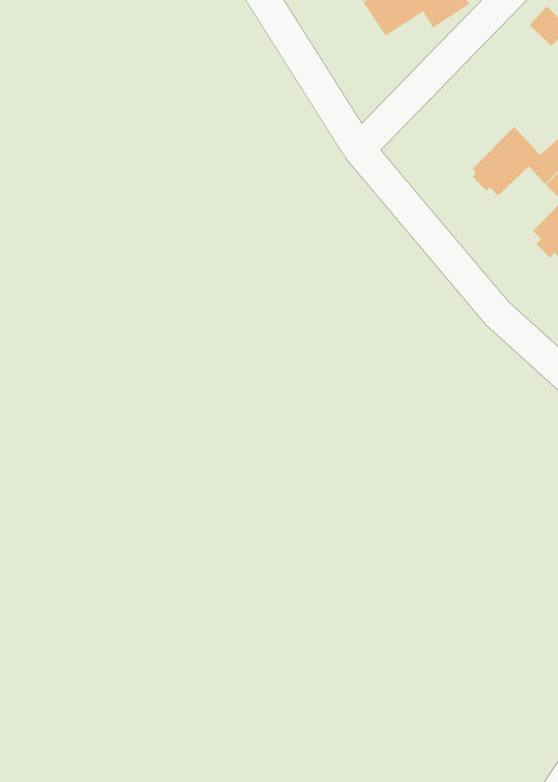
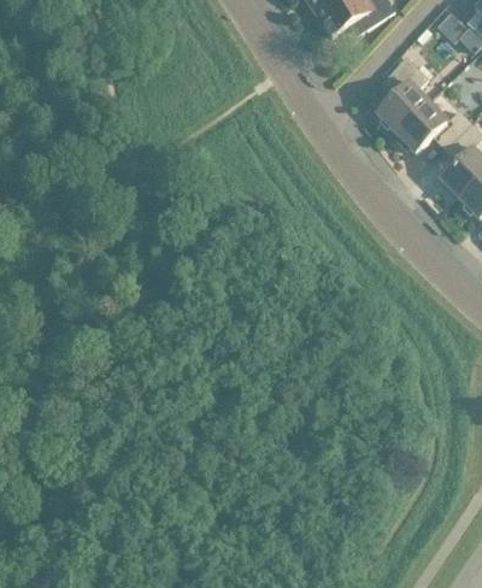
building: none -> [375,53,427,130]

